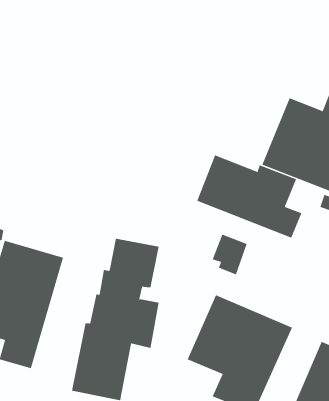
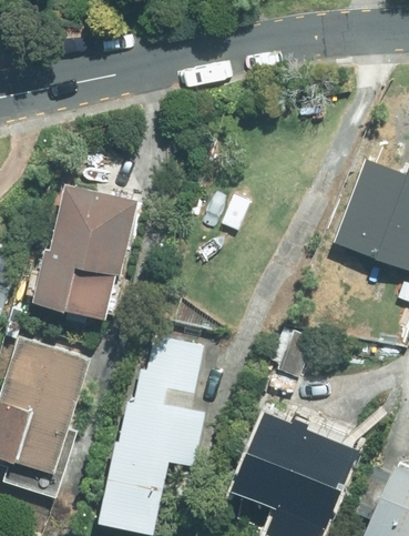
building: none -> [35,181,140,316]
building: [197,155,302,238] -> none

